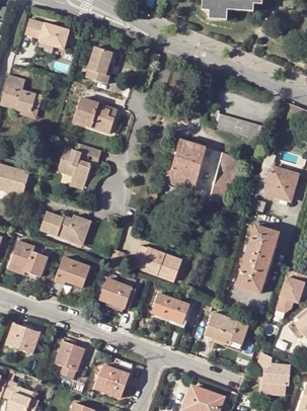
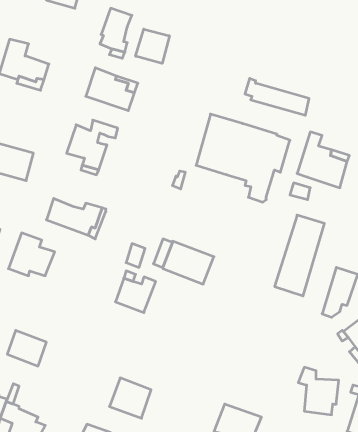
building: none -> [136,29,169,63]
building: [54,257,90,286] -> none
building: [151,294,189,329] -> none
building: [203,303,248,352] -> none
building: [56,341,86,378] -> none

